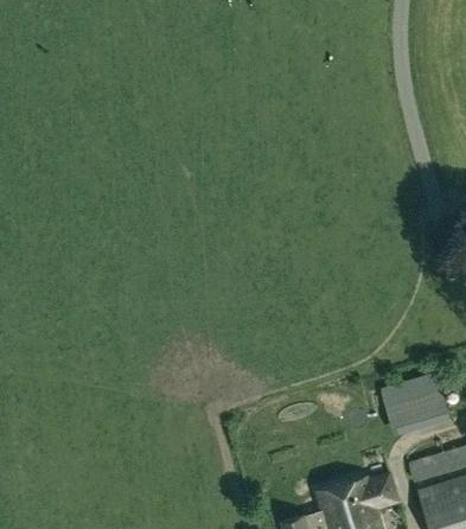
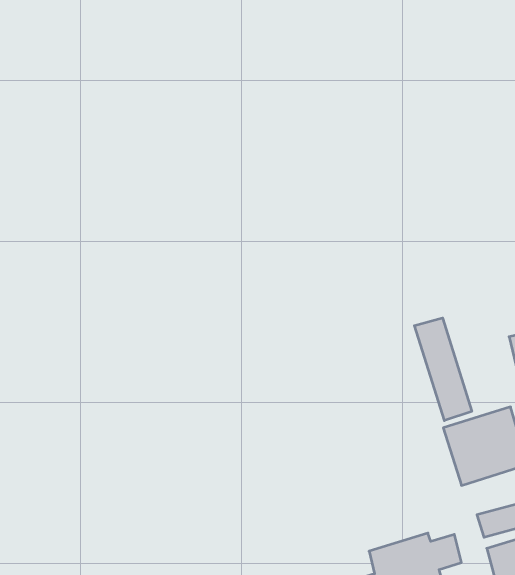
building: none -> [414,318,472,421]

